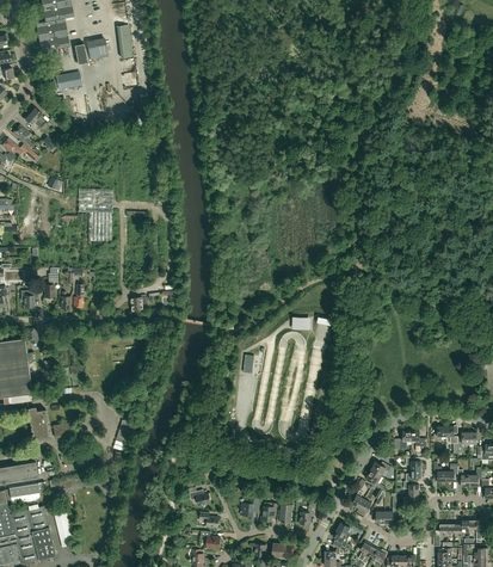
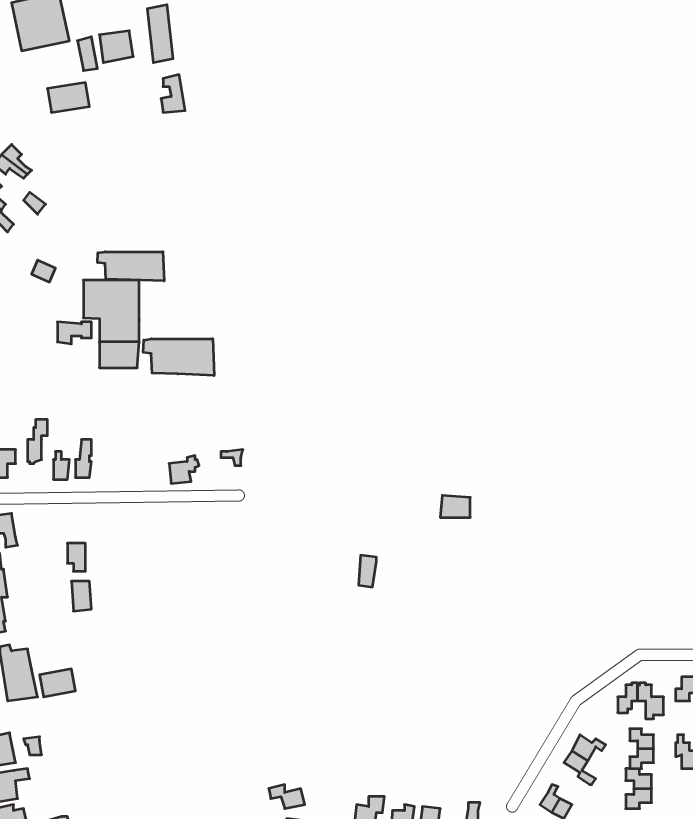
building: none -> [98,252,164,281]
building: none -> [143,339,214,376]

